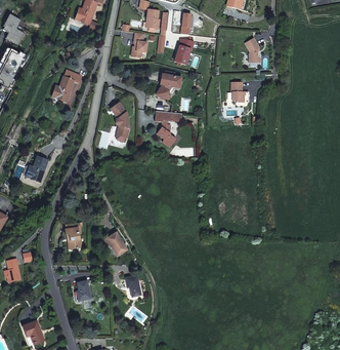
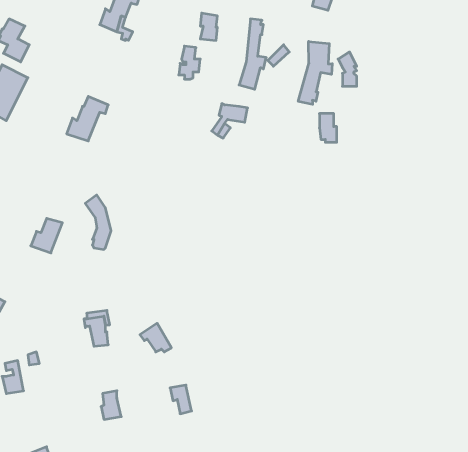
building: none -> [298,41,332,104]
building: [111,103,129,142] -> [85,195,111,249]
building: [155,111,181,147] -> none

